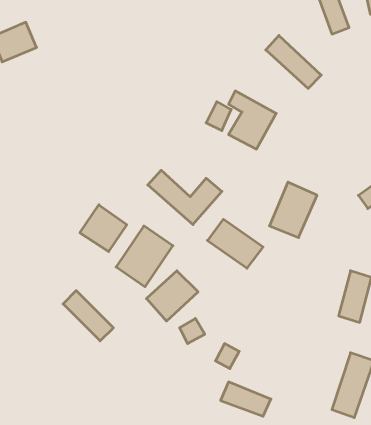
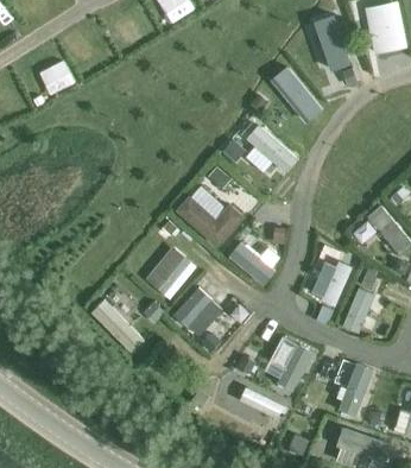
building: [269,182,317,238] -> [309,255,352,305]
building: [80,205,127,252] -> none
building: none -> [264,336,314,387]

